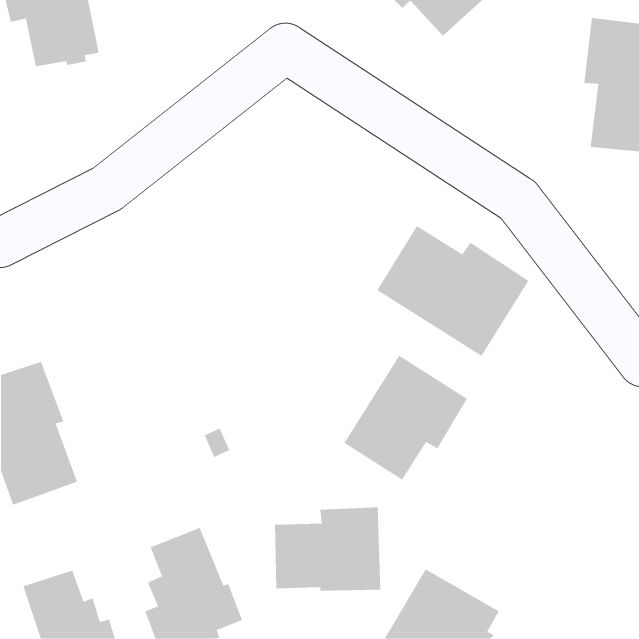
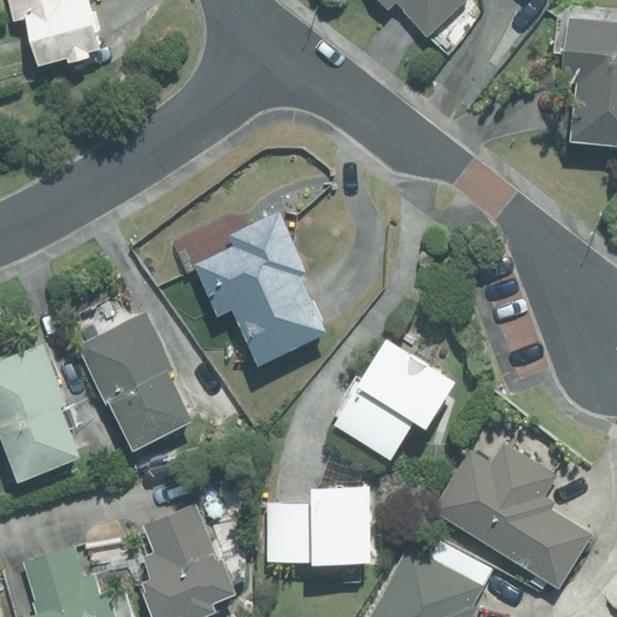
building: none -> [194,211,324,364]
building: [376,225,529,357] -> none
building: none -> [78,315,189,451]
building: none -> [435,443,593,588]

